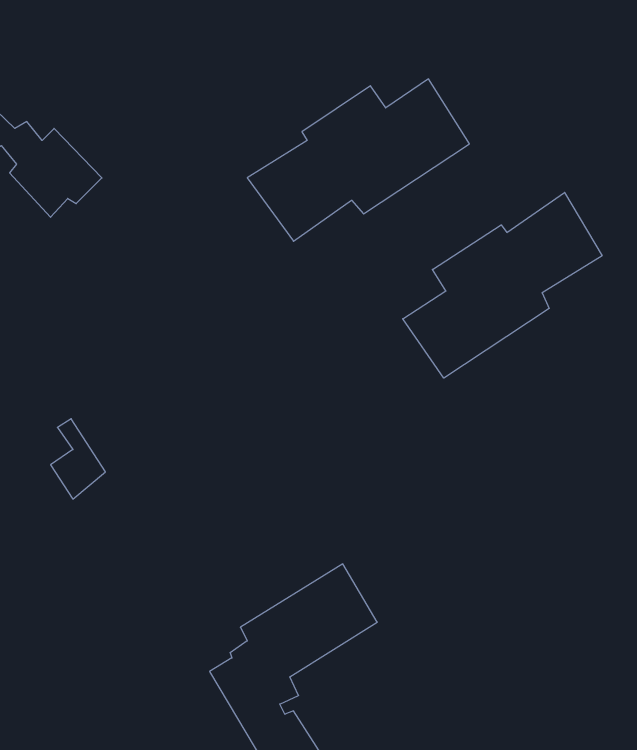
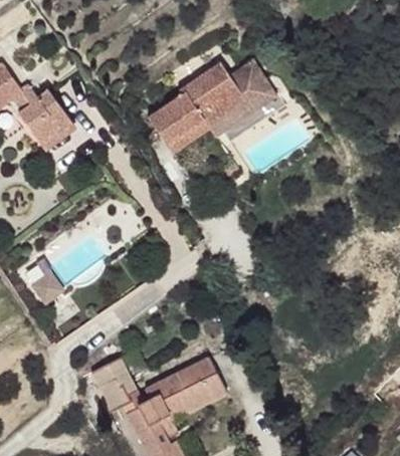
building: [403,192,602,378] -> none
building: none -> [86,357,134,414]

